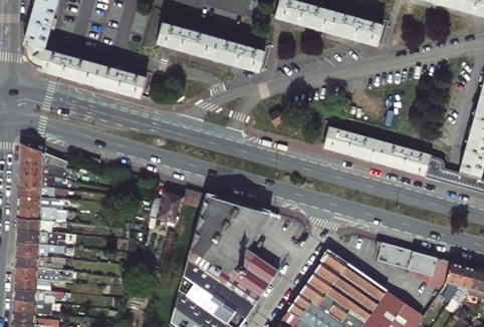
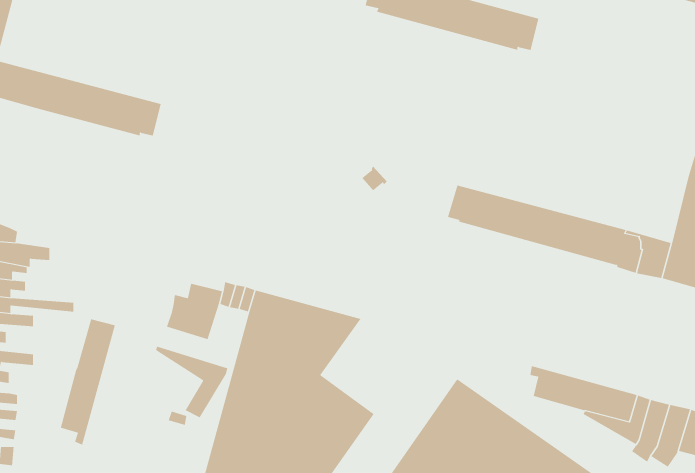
building: [156,23,263,70] -> none
building: none -> [60,319,116,446]
building: none -> [155,346,228,418]

